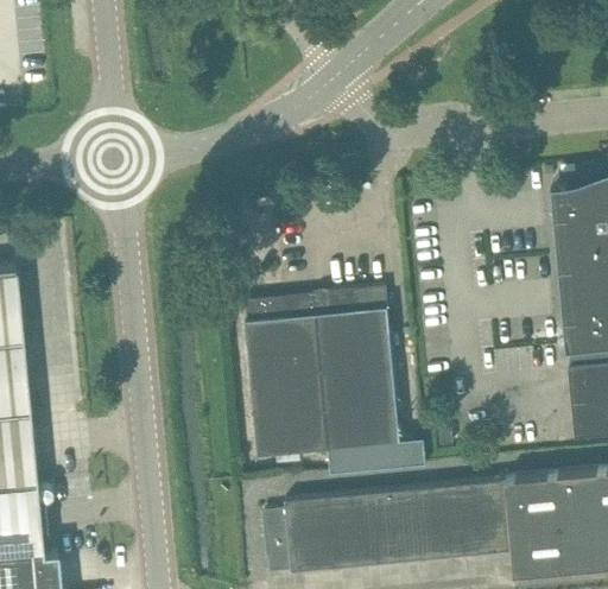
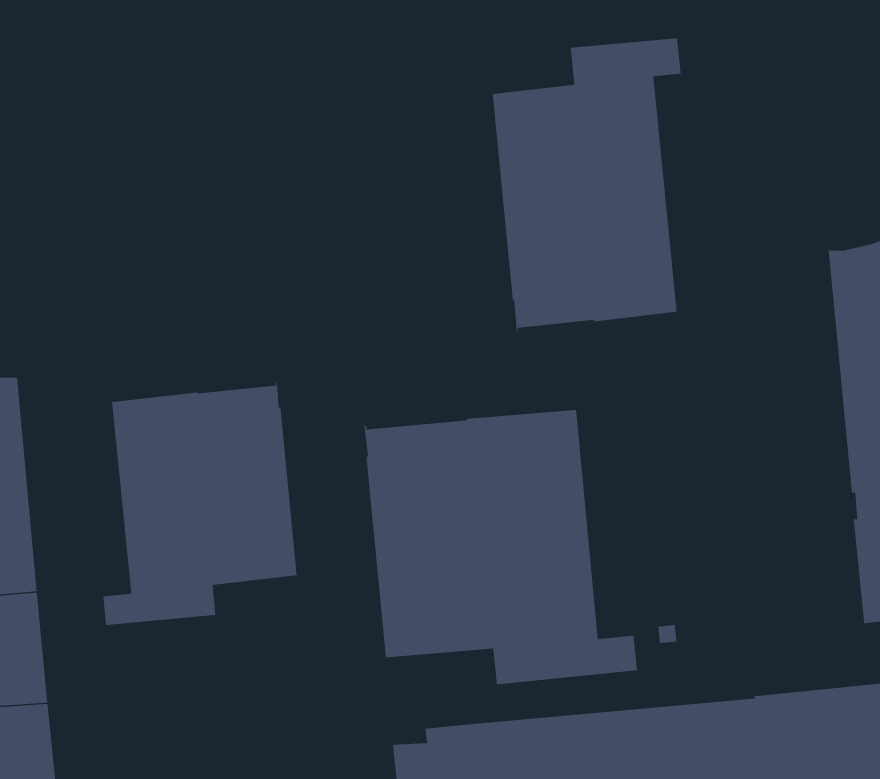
building: none -> [492,37,681,333]
building: none -> [102,381,298,626]

